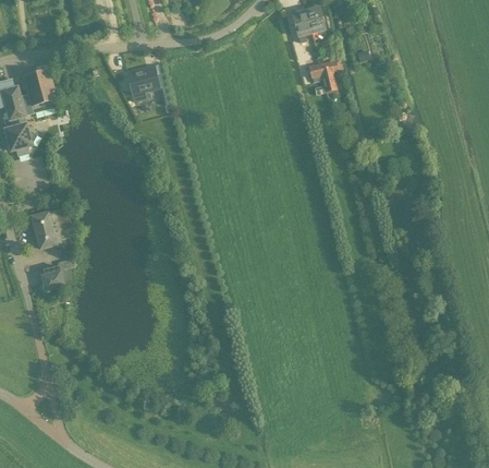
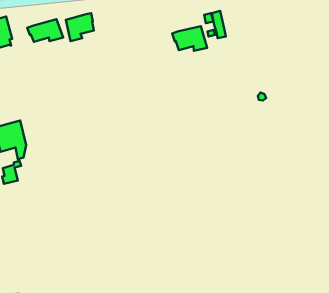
building: none -> [27,19,63,42]
building: none -> [172,26,207,51]

